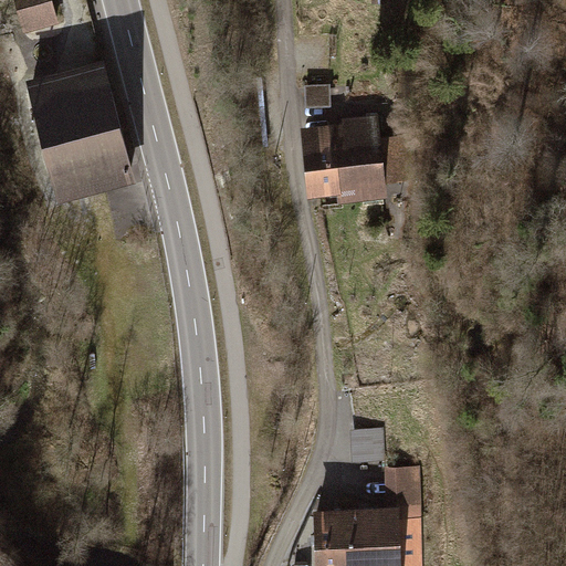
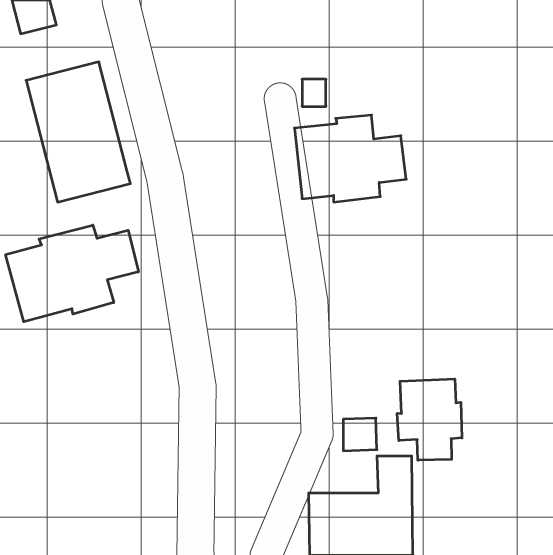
building: none -> [6,225,138,322]
building: none -> [397,379,462,460]

